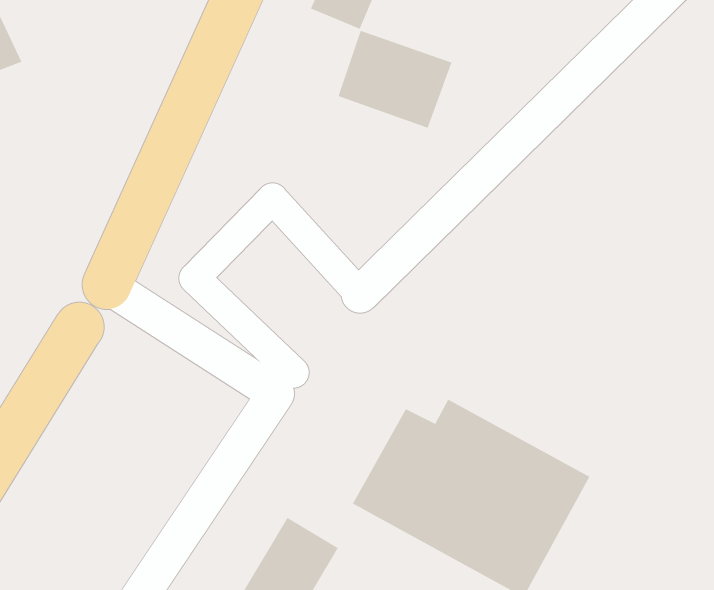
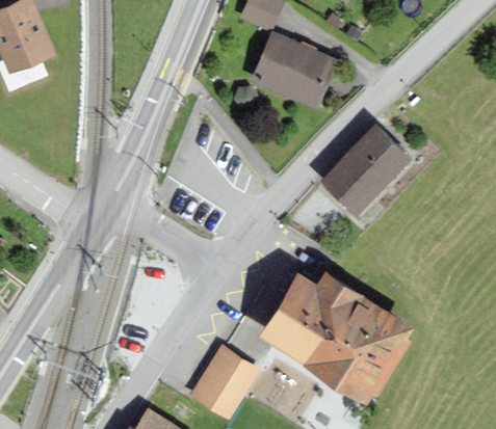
building: none -> [325,128,411,213]

